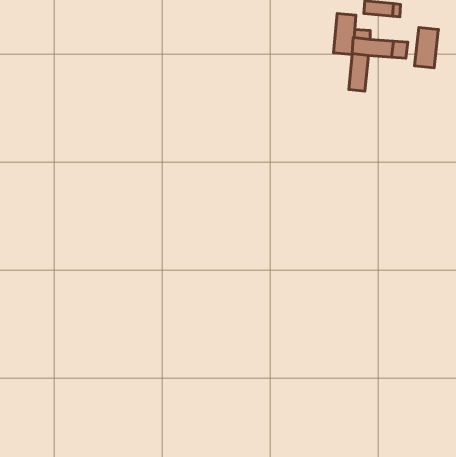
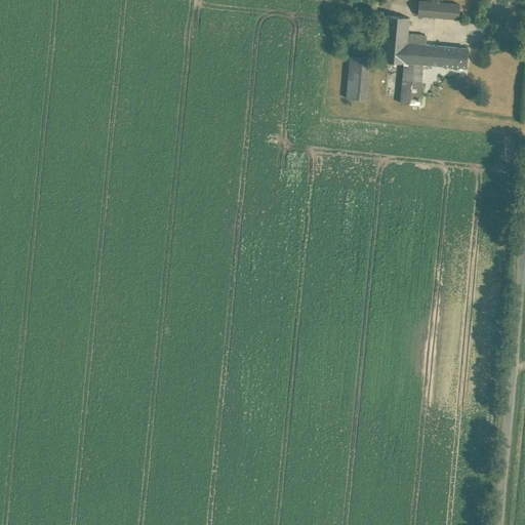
building: [415,28,438,68] -> none
building: none -> [346,56,368,99]

